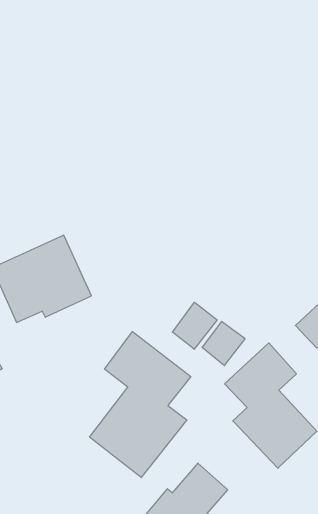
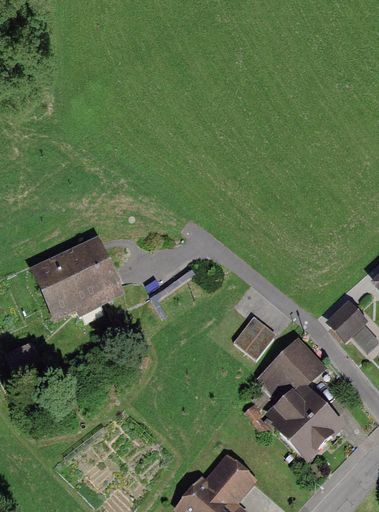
building: [172,302,217,349] -> none
building: [90,332,191,478] -> none

